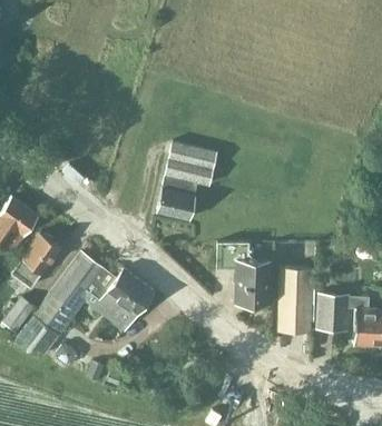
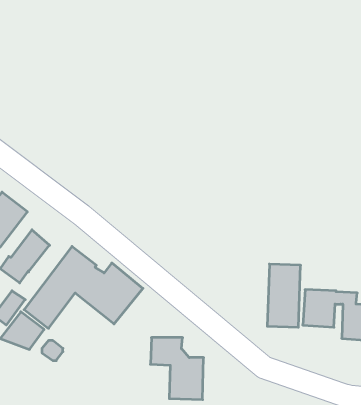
building: [157,143,214,219] -> none
building: [217,241,271,304] -> [150,338,204,400]

